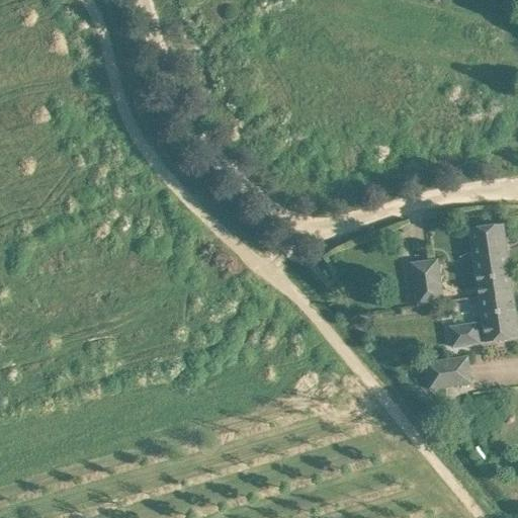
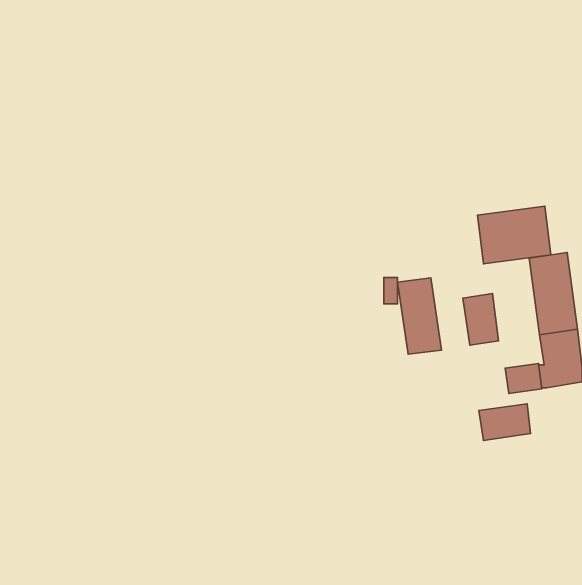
building: none -> [478,206,551,264]
building: none -> [398,278,441,354]

